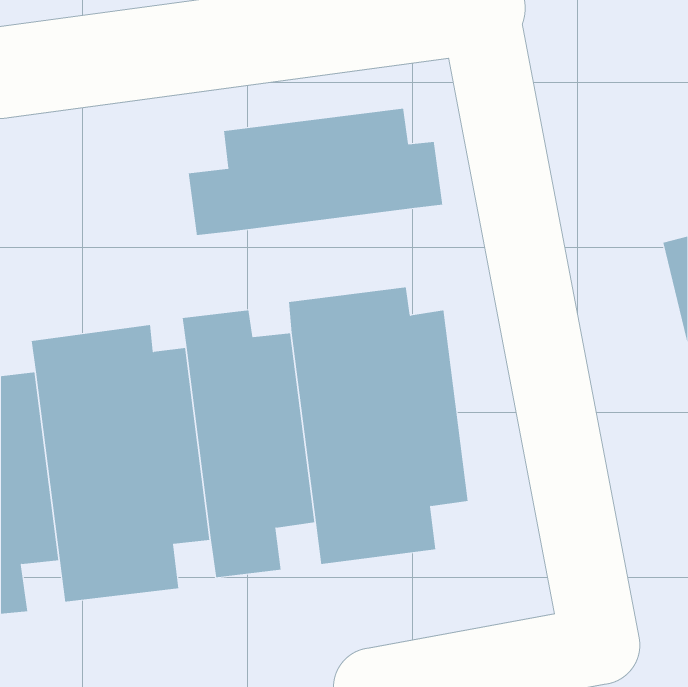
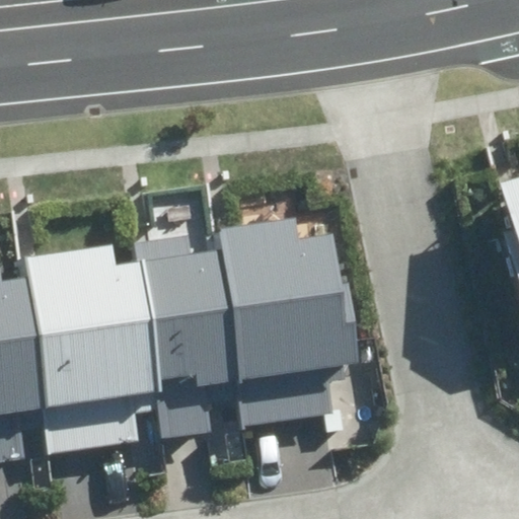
building: [188,108,443,236] -> none

